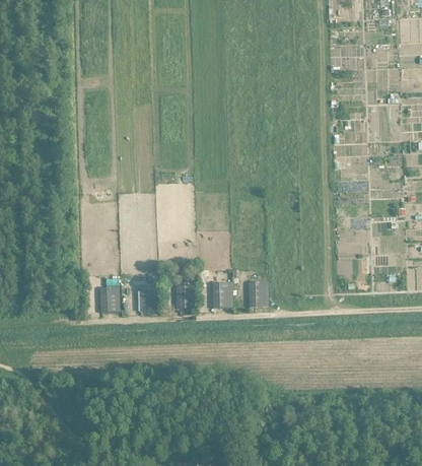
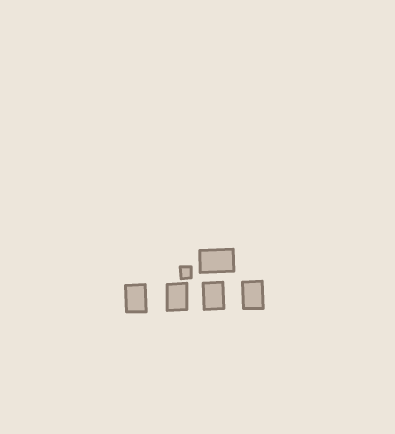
building: none -> [200,249,234,272]
building: [98,286,118,312] -> none

